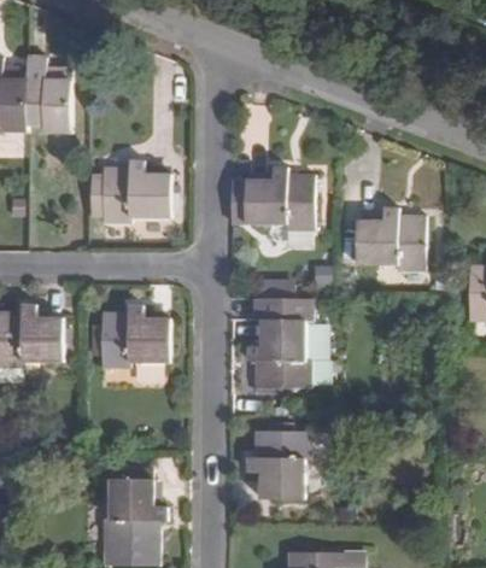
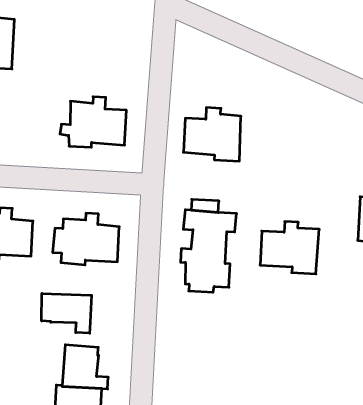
building: [27,55,71,129] -> none
building: [355,207,426,270] -> [260,222,319,274]
building: none -> [42,293,92,333]
building: [248,431,310,499] -> none

